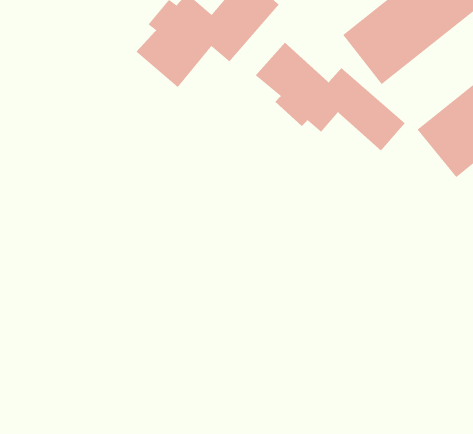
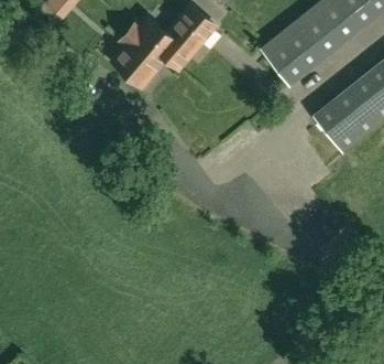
building: [255,42,406,151] -> none

